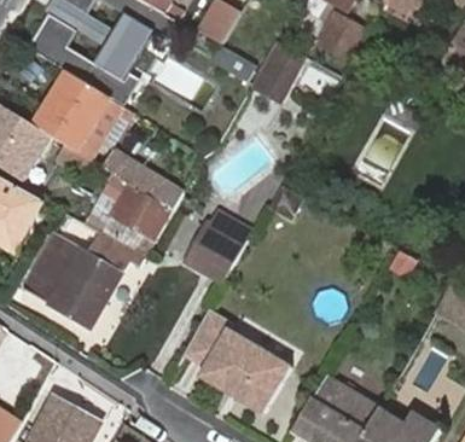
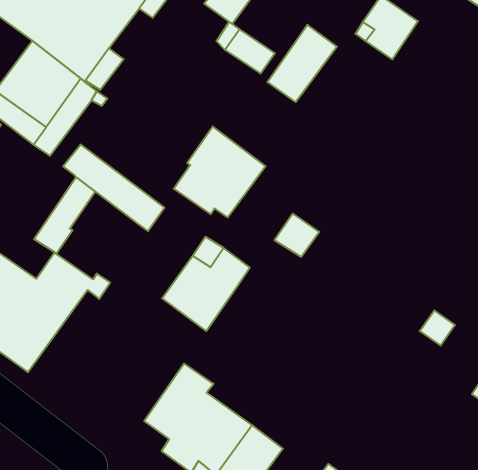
building: [103,182,172,251] -> [174,126,266,217]

